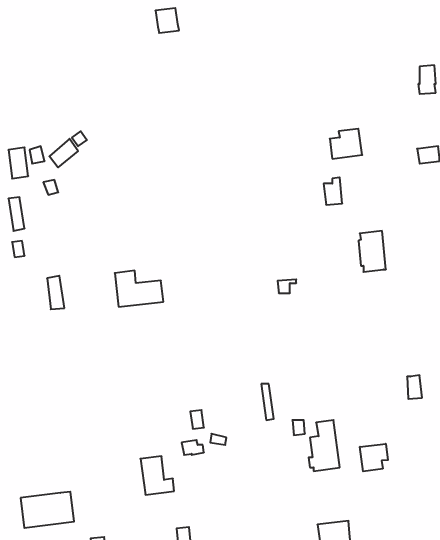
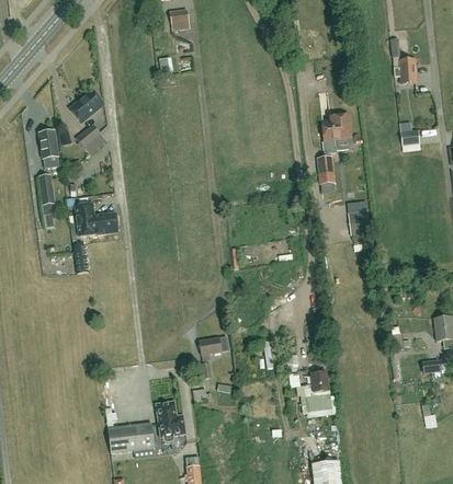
building: none -> [72,90,103,120]
building: [115,271,163,307] -> [75,204,117,235]
building: none -> [199,336,228,360]
building: [360,444,388,471] -> none
building: [21,492,74,528] -> [107,422,155,453]

